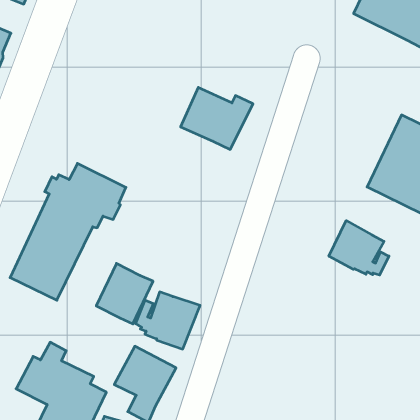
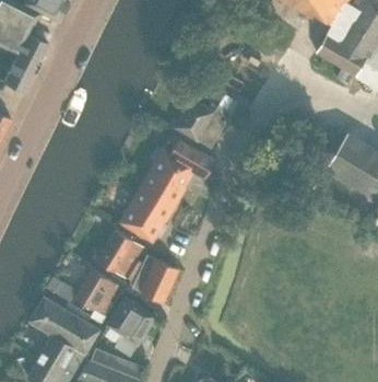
building: [10,163,126,300] -> [118,139,214,244]
building: [329,221,389,275] -> none
building: none -> [73,269,117,315]

